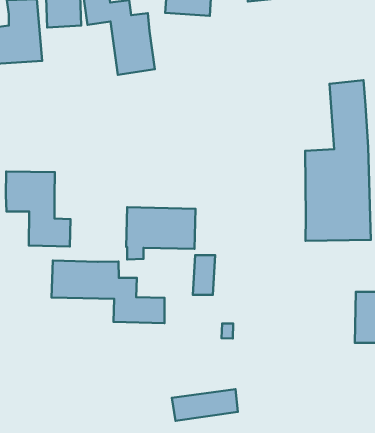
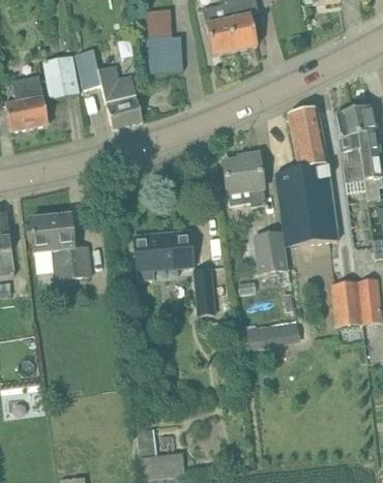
building: none -> [224,153,266,207]
building: none -> [256,228,288,271]
building: [51,260,165,323] -> none
building: [172,389,238,421] -> [239,319,295,351]

